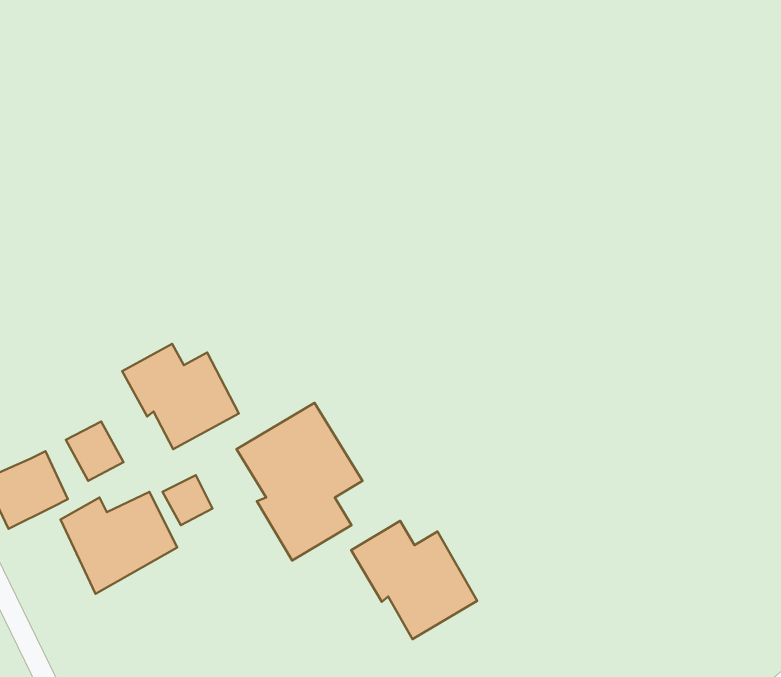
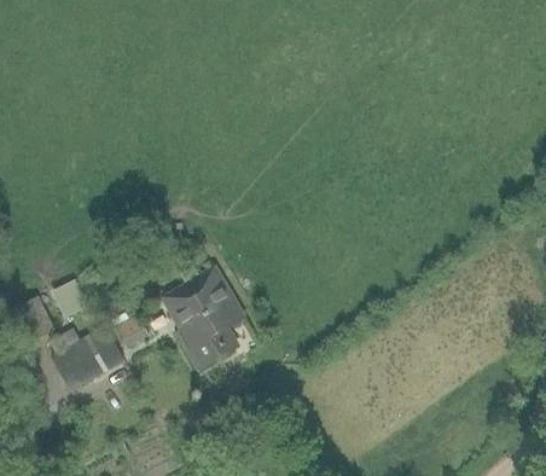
building: [122,344,239,449] -> none
building: [351,521,477,639] -> none

